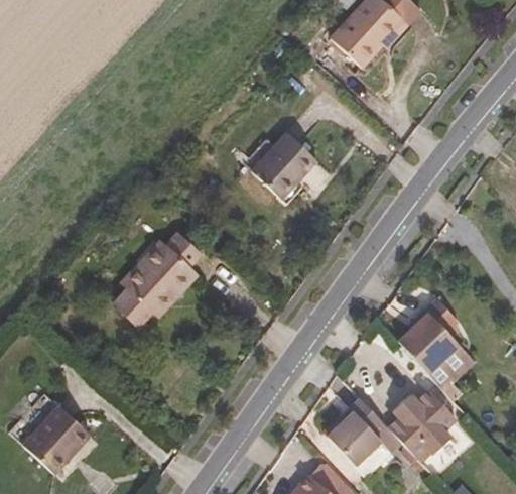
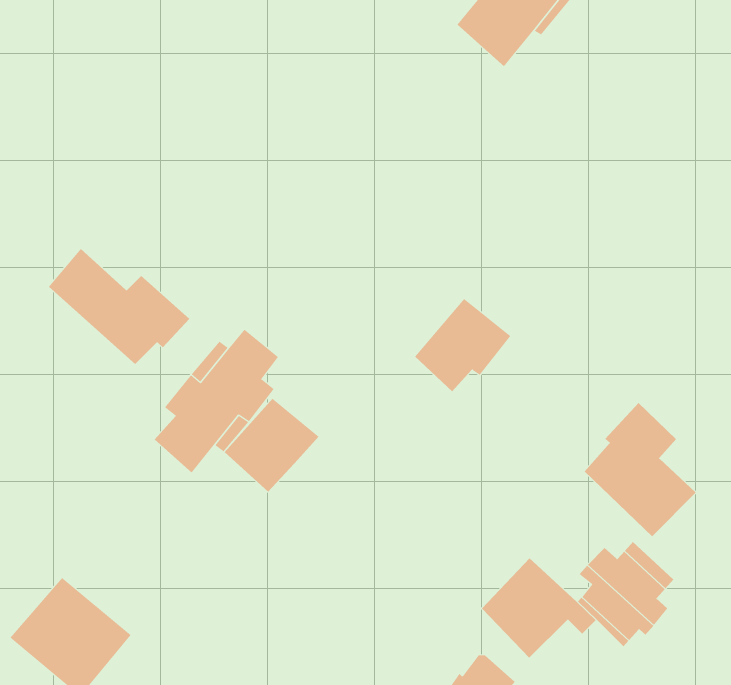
building: [252,133,317,196] -> [414,298,511,392]
building: none -> [48,248,190,365]
building: none -> [224,398,319,492]

